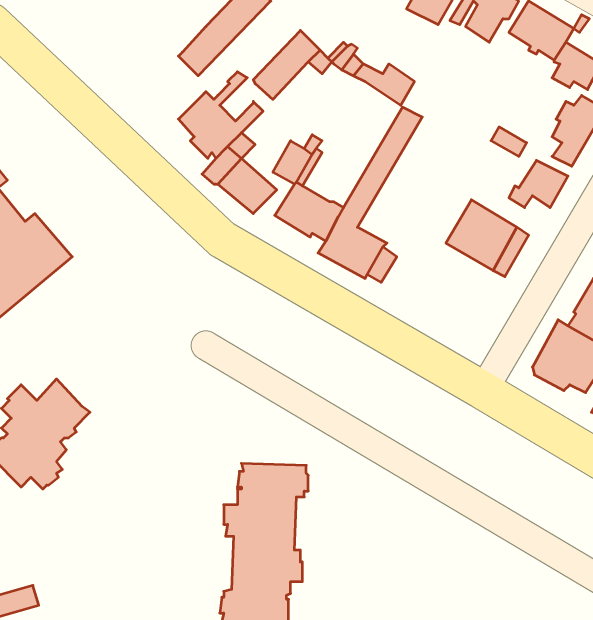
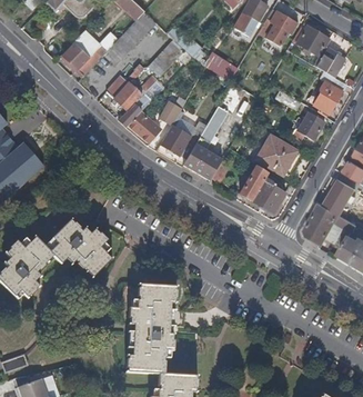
building: none -> [62,43,107,75]
building: none -> [239,167,285,214]
building: none -> [50,219,112,277]

